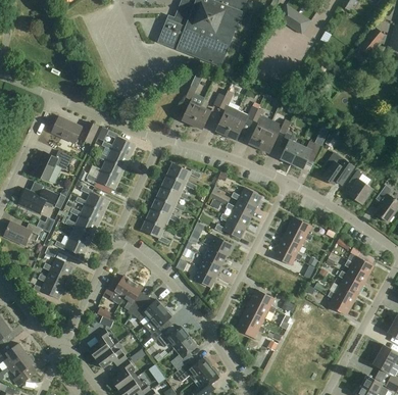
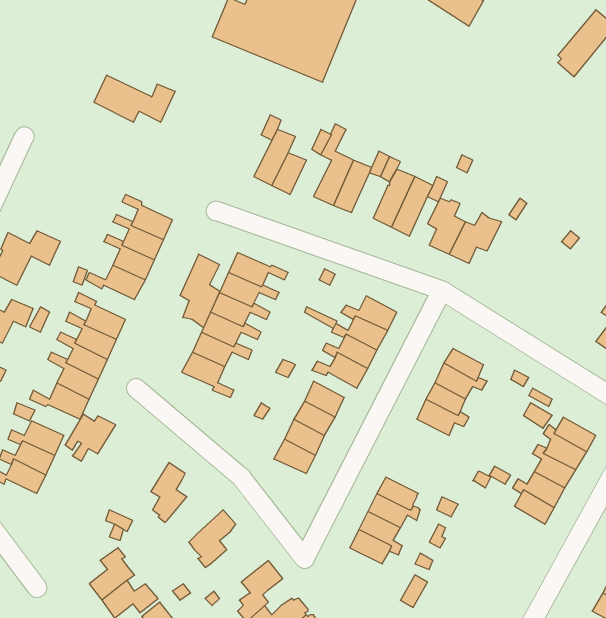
building: [51,116,97,143] -> [94,75,175,122]
building: [321,152,353,185] -> none
building: none -> [180,254,220,328]
building: [347,170,371,204] -> none
building: [104,275,133,301] -> [65,414,116,461]
building: [128,299,163,320] -> none
building: [156,326,189,348] -> none

